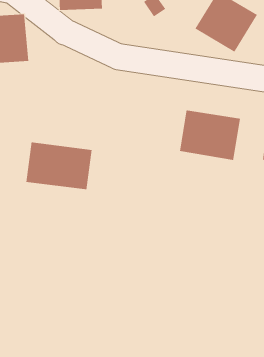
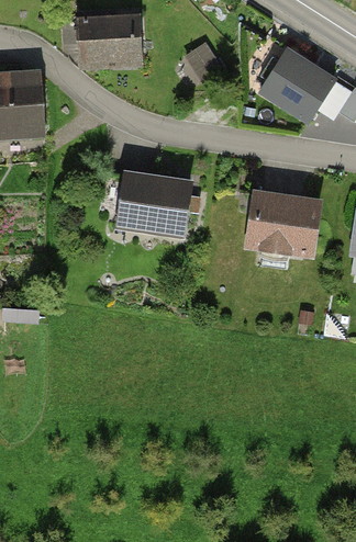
building: [26,142,92,190] -> [113,176,199,237]

